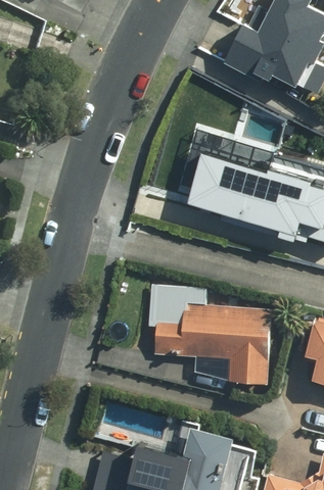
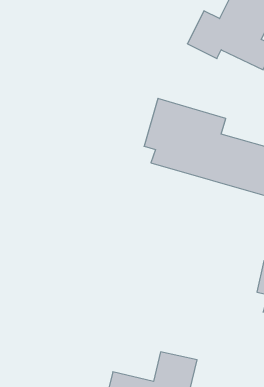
building: [151,287,273,379] -> none

